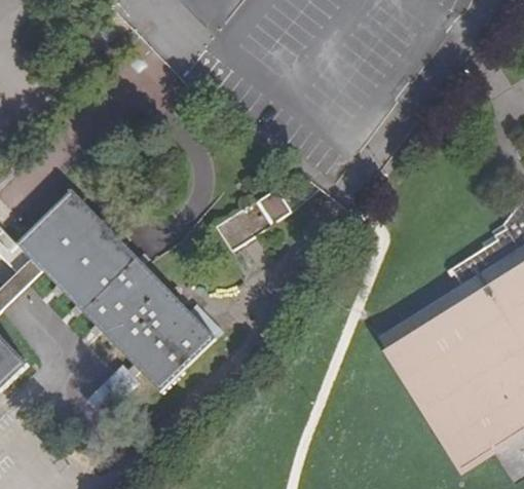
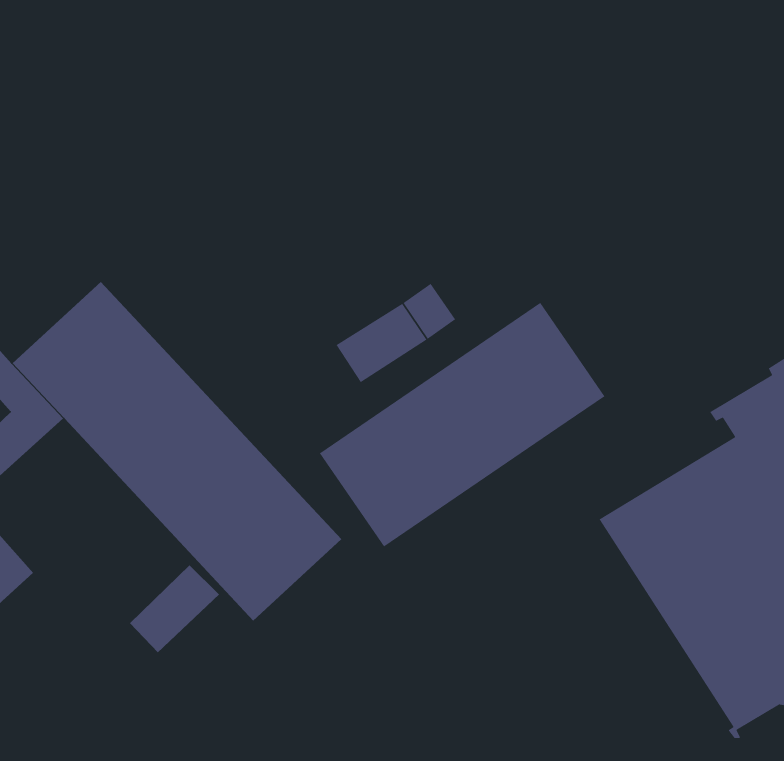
building: none -> [319,302,606,548]

